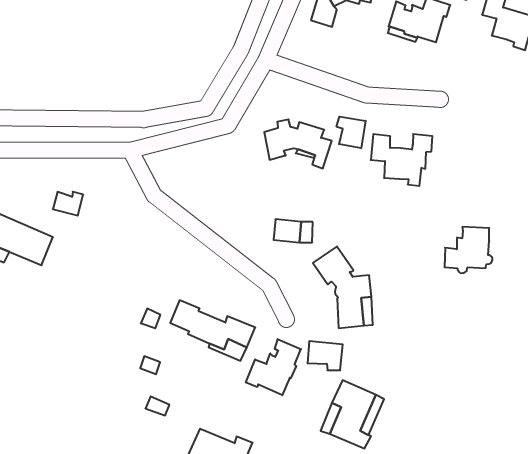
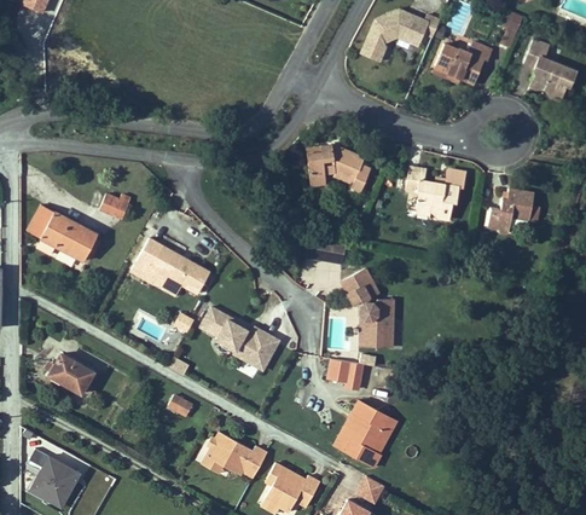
building: [337,117,366,148] -> none
building: [444,227,492,273] -> [487,191,533,235]
building: none -> [130,239,209,294]
building: [246,339,301,395] -> none
building: none -> [47,352,92,392]

